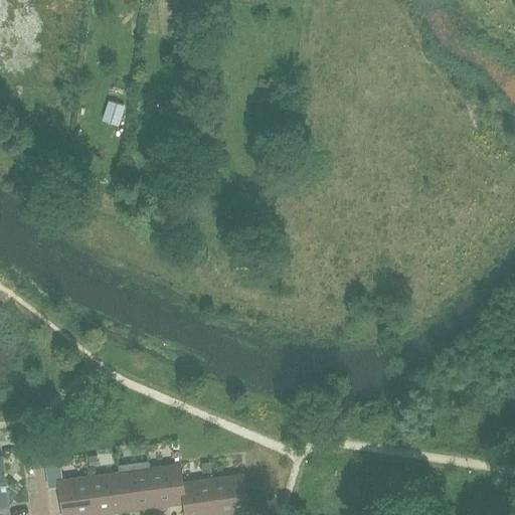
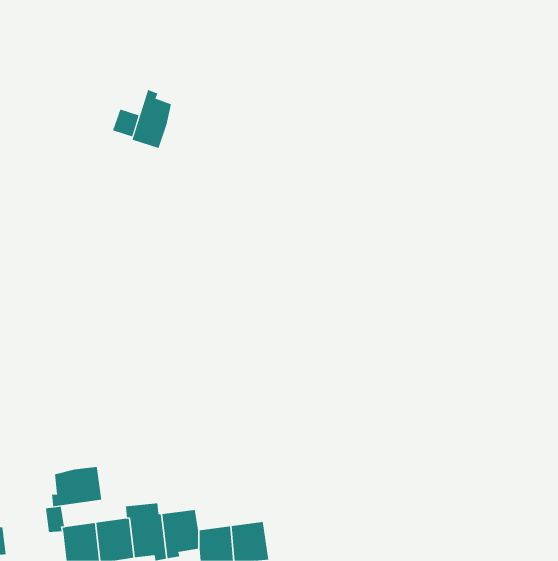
building: none -> [132,89,171,149]
building: none -> [52,466,102,507]

